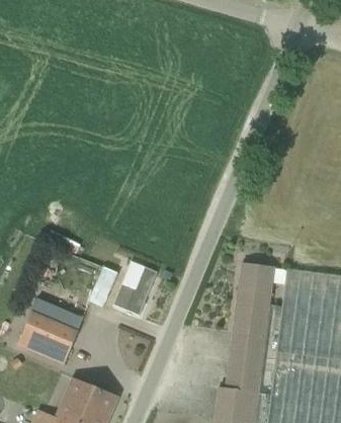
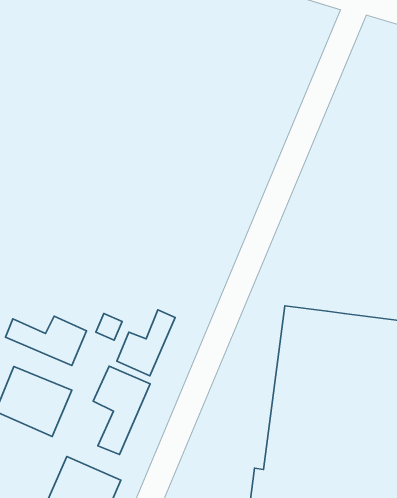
building: none -> [6,316,87,366]
building: none -> [93,366,150,455]

